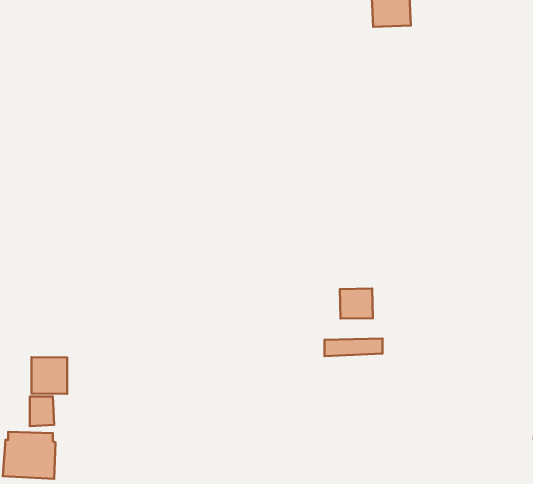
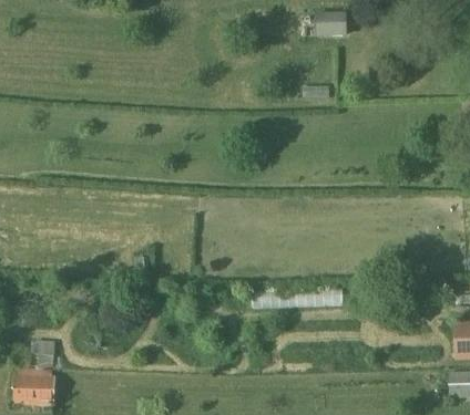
building: [340,289,373,319] -> none
building: [31,357,67,394] -> none

